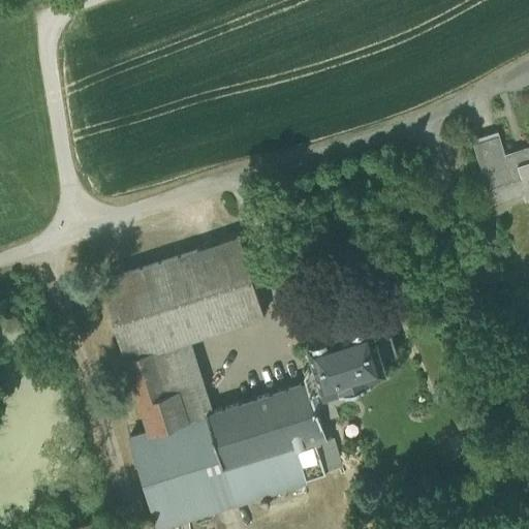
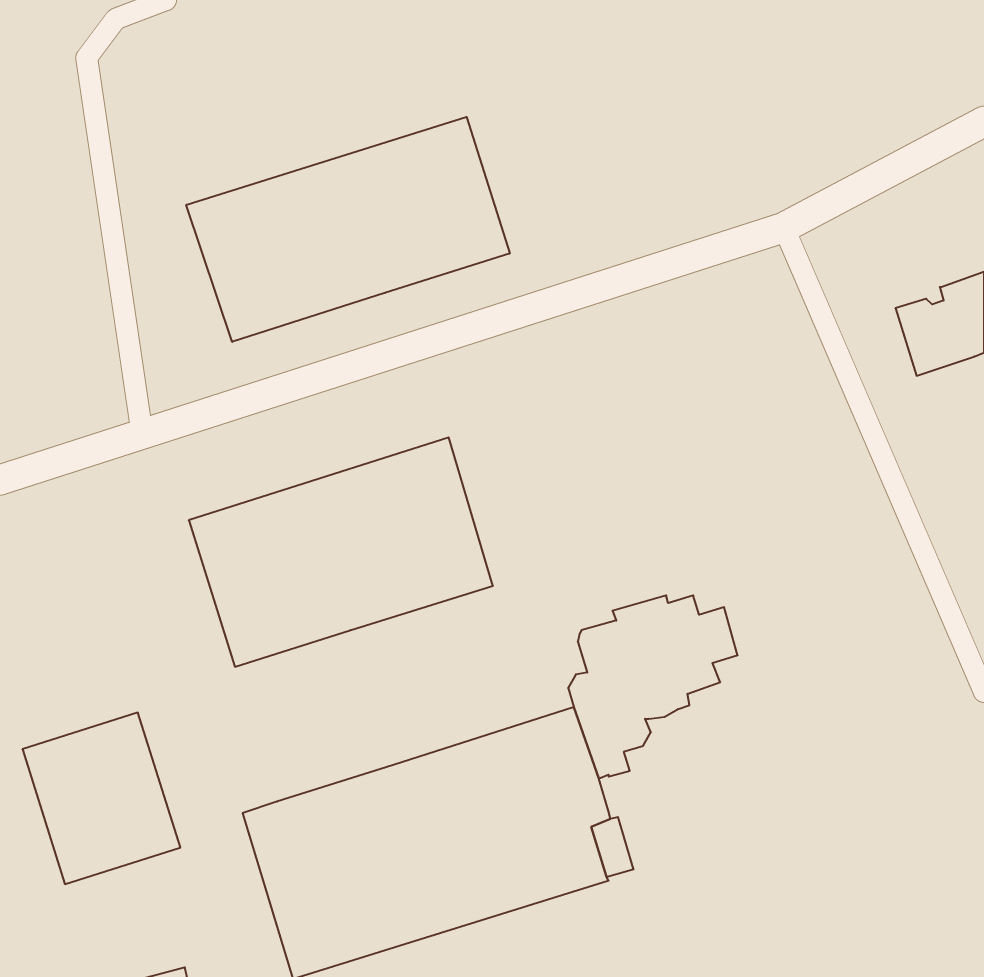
building: none -> [186,117,510,342]
building: [472,134,506,169] -> none
building: [126,342,211,434] -> [22,713,180,884]

